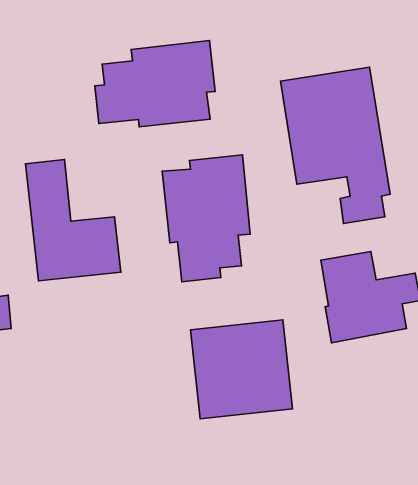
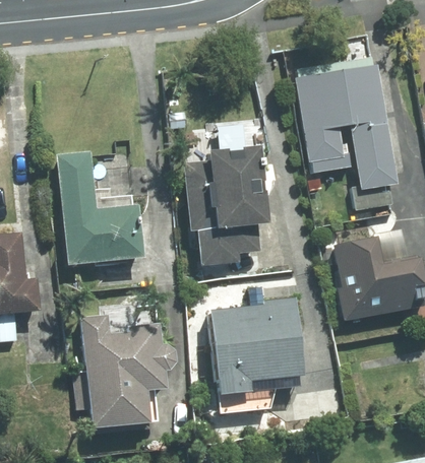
building: [95,40,215,127] -> none
building: none -> [80,315,175,426]

